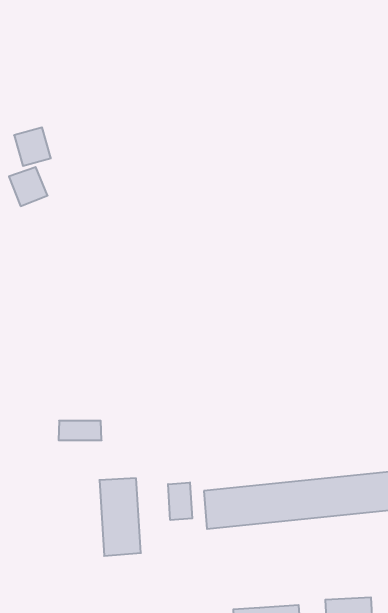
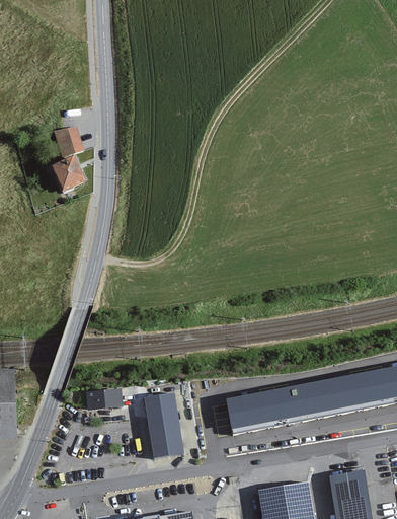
building: [59,421,102,440] -> [87,390,122,409]
building: [168,482,192,520] -> none

